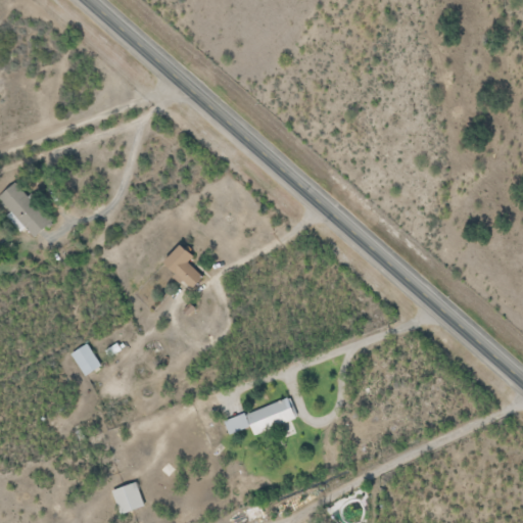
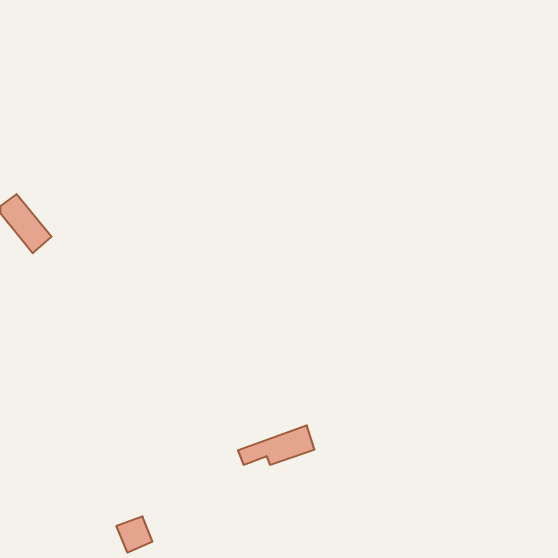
building: [160,243,202,289] -> none
building: [72,343,100,375] -> none

